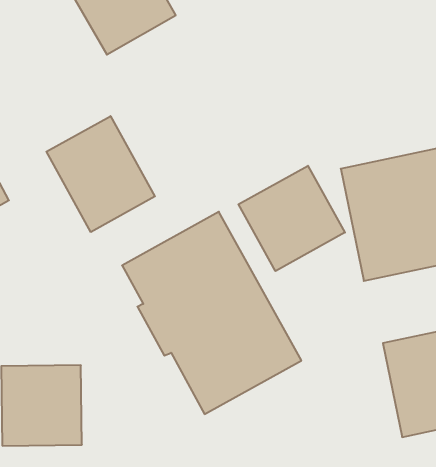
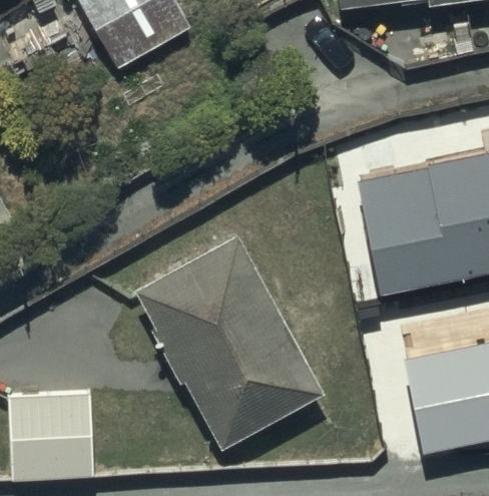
building: [46,116,155,232] -> none
building: [238,166,345,271] -> none

